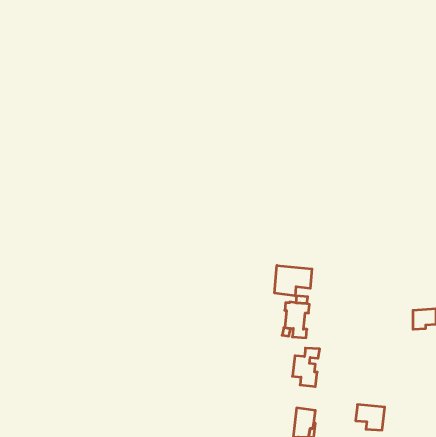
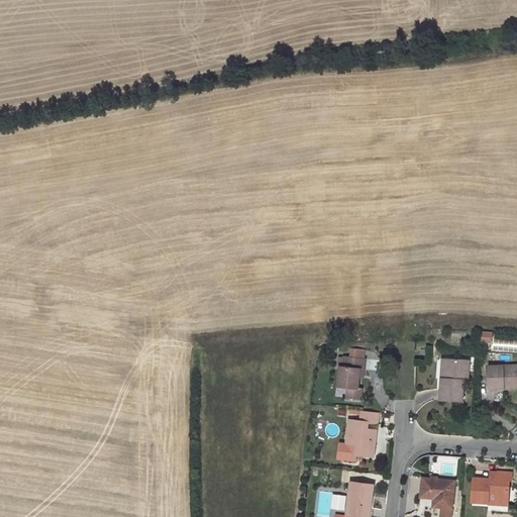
building: [275,265,312,296] -> none
building: none -> [439,358,469,401]
building: none -> [472,472,511,503]

